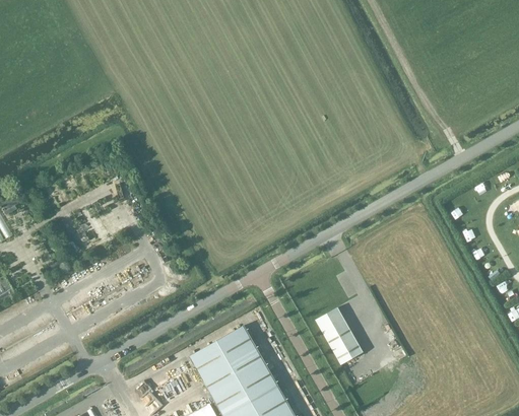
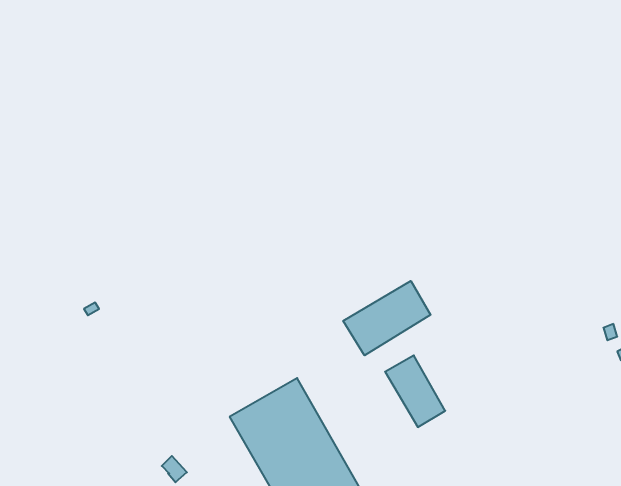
building: none -> [343,281,431,355]

